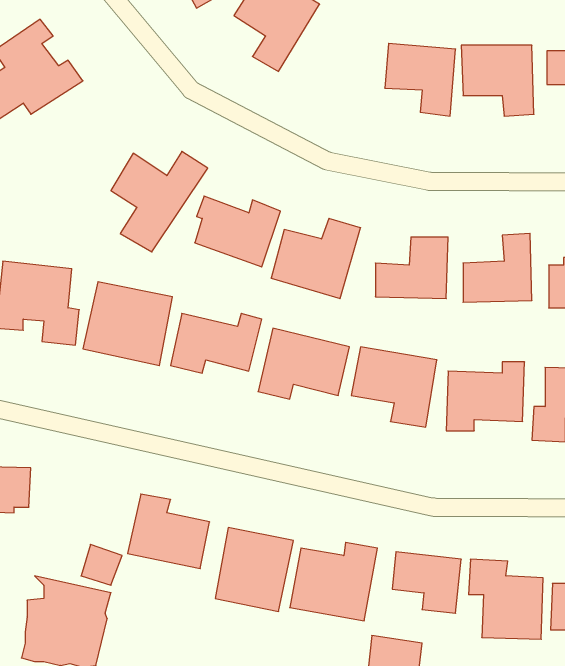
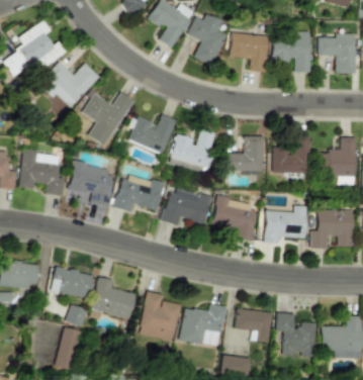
building: none -> [188,14,228,65]
building: none -> [39,62,100,107]
building: none -> [51,266,94,298]

